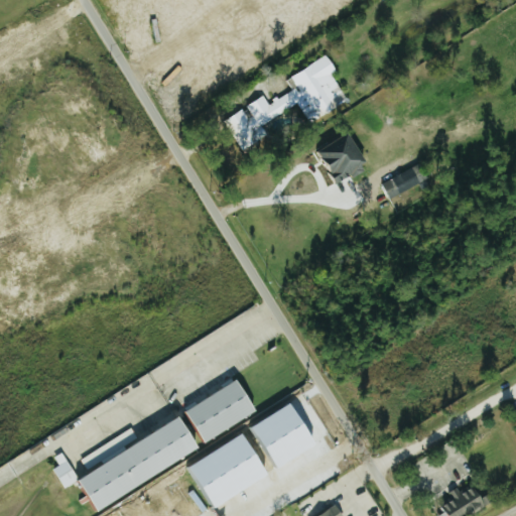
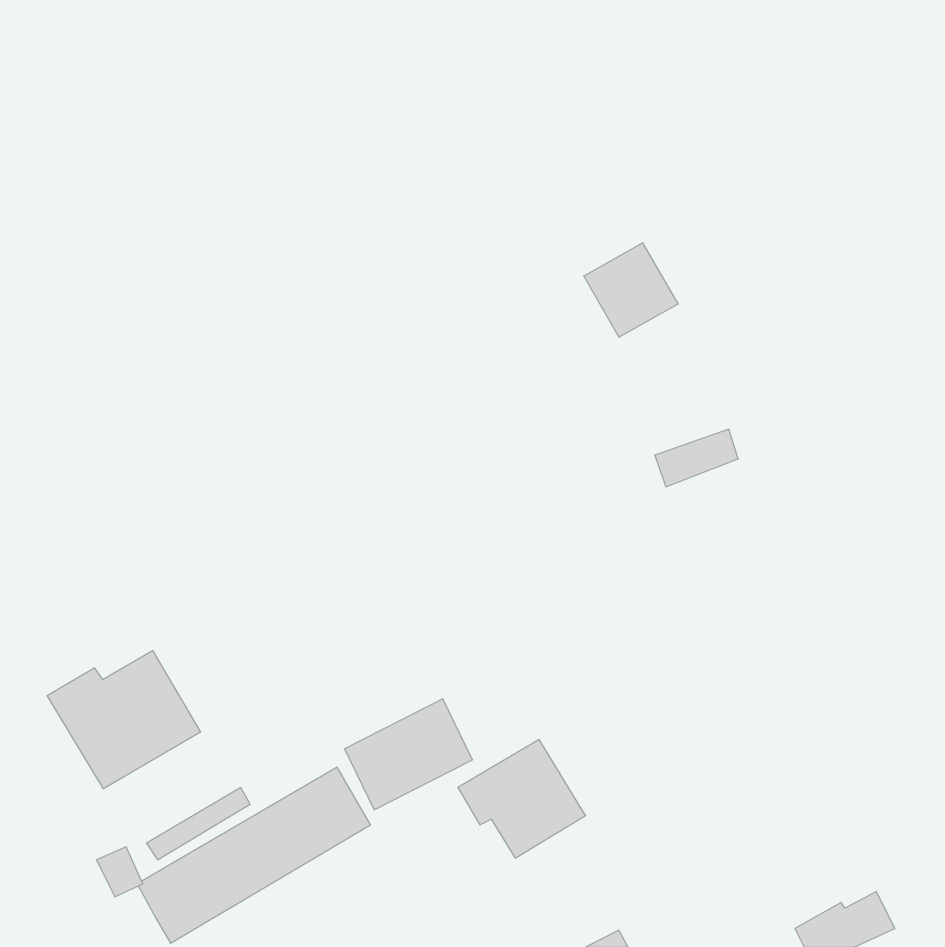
building: [223,55,346,150] -> none
building: [381,165,426,197] -> [655,429,738,487]
building: none -> [47,651,201,789]
building: [184,433,270,510] -> none

